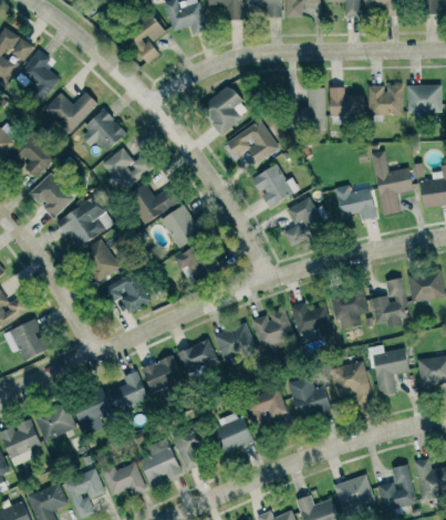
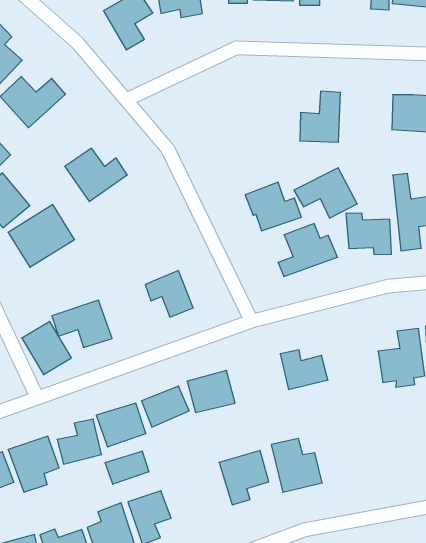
building: [199,85,249,134] -> none
building: [329,87,363,117] -> none
building: [79,110,126,152] -> none
building: [226,121,279,163] -> [294,168,357,218]
building: [125,184,179,225] -> none
building: [160,205,201,248] -> none
building: [77,238,120,282] -> [22,321,71,375]
building: [330,292,366,316] -> none
building: [252,309,294,352] -> none
building: [369,345,409,396] -> none
building: [329,360,372,404] -> none
building: none -> [105,451,149,484]
building: [214,413,252,453] -> none

